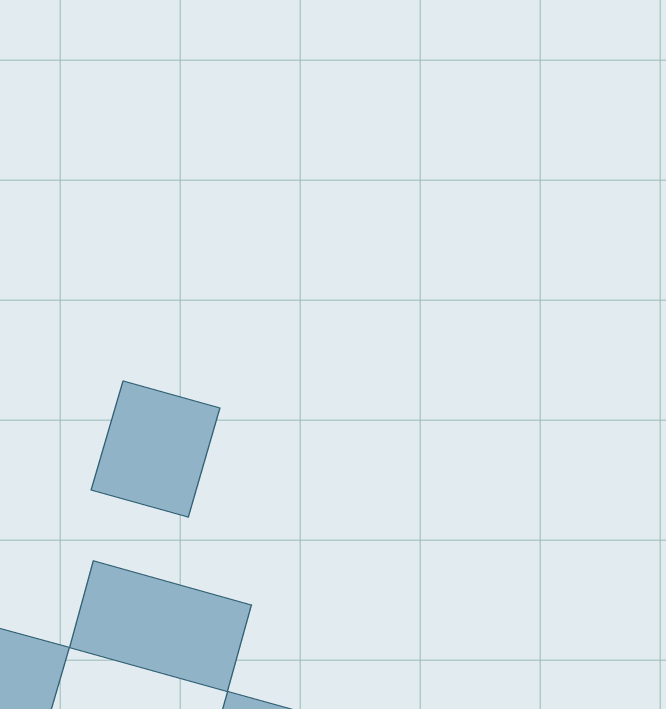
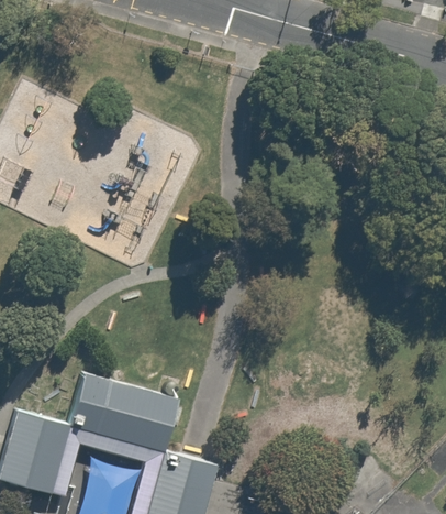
building: [91,381,220,517] -> none

